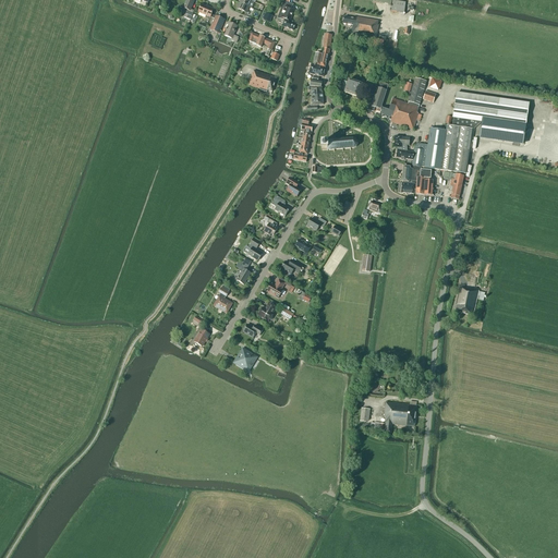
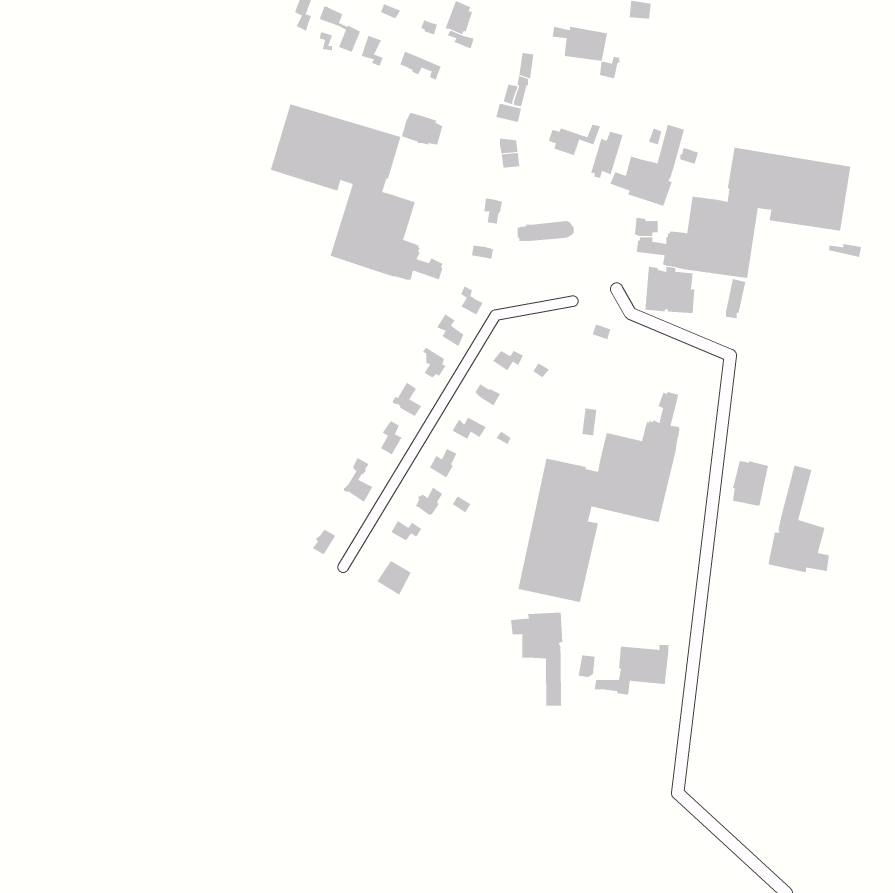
building: none -> [270,104,443,281]
building: none -> [518,391,680,603]
building: none -> [768,465,830,573]
building: none -> [511,612,563,706]

